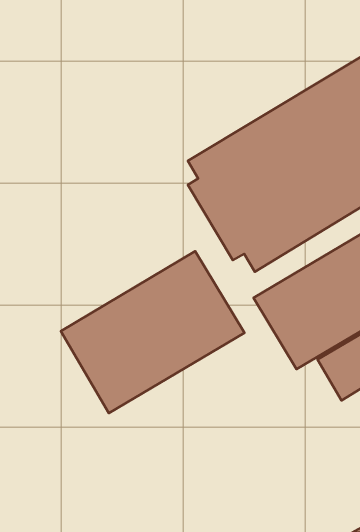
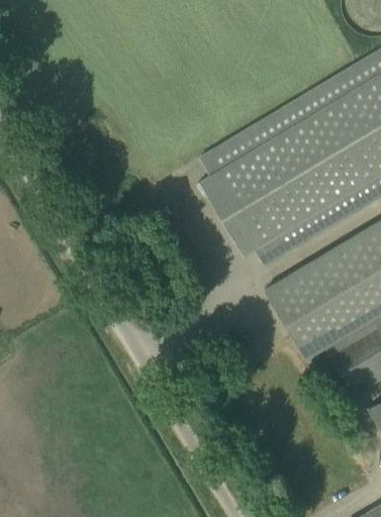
building: [61,251,245,413] -> none

